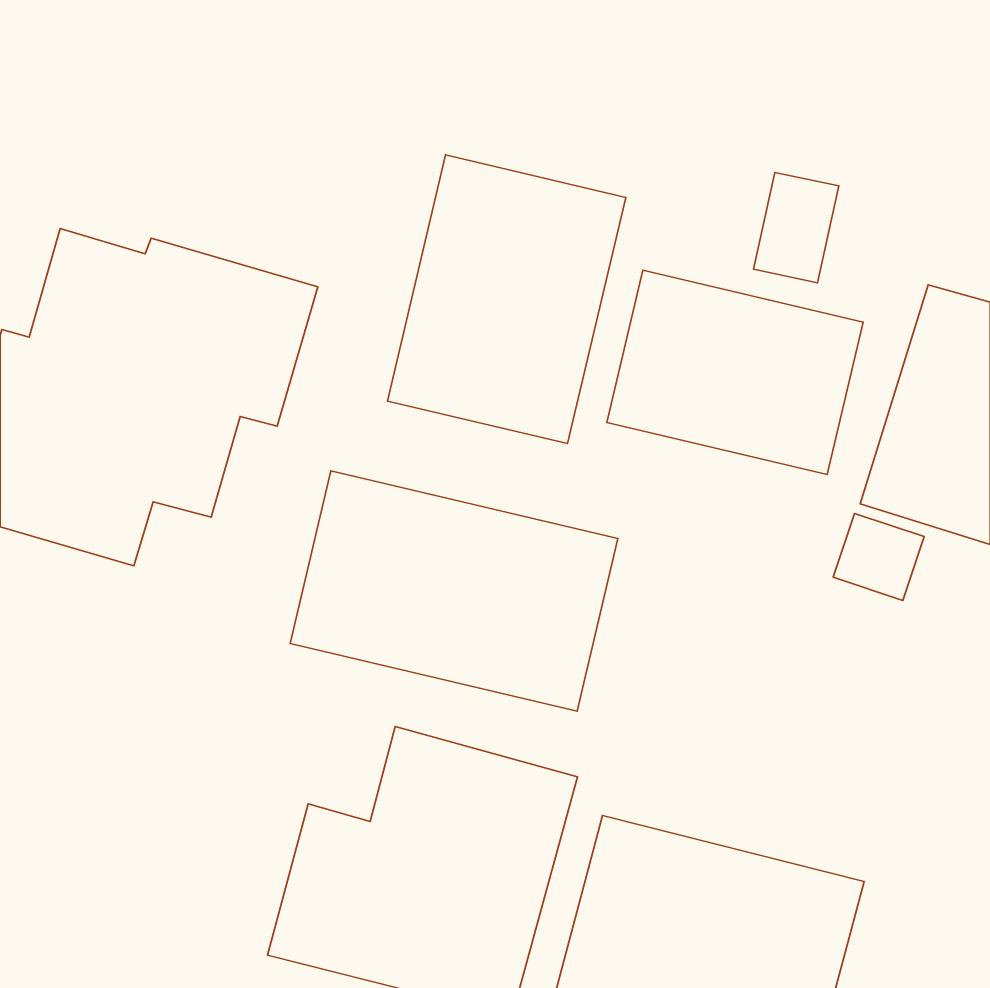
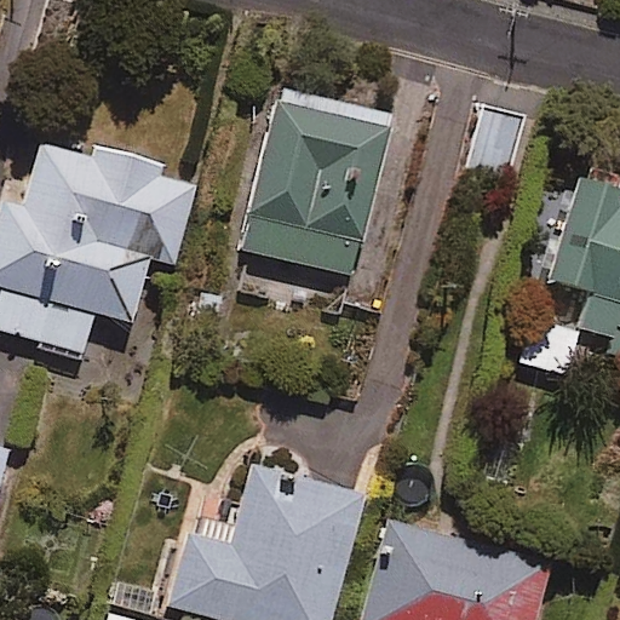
building: [607,270,863,475] -> none
building: [290,471,618,711] -> none

